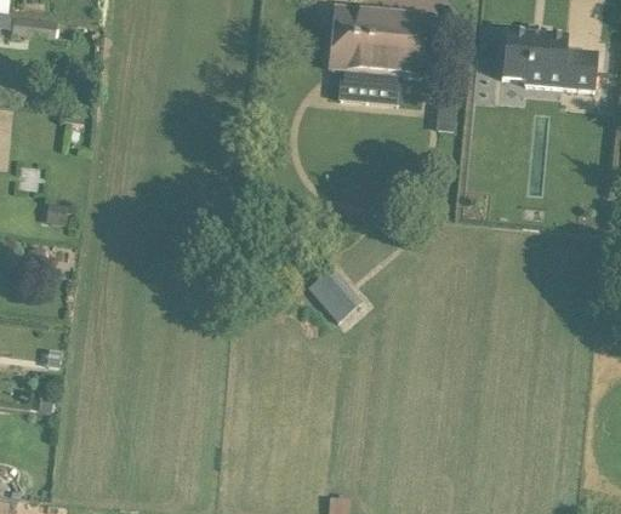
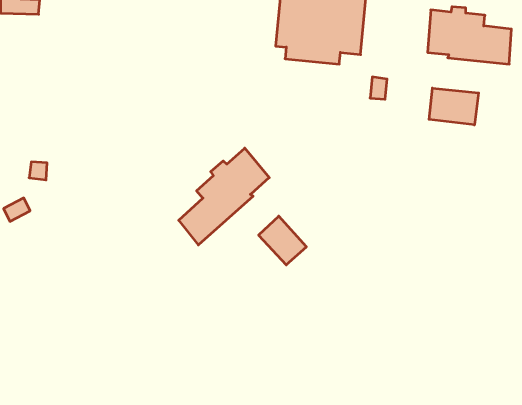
building: none -> [429,88,479,125]
building: none -> [179,148,269,245]

